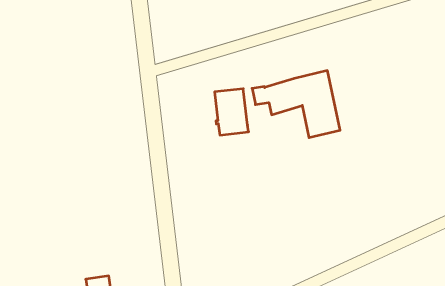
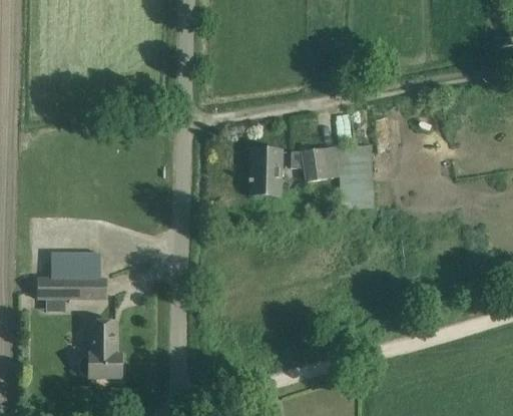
building: none -> [37,254,105,299]

